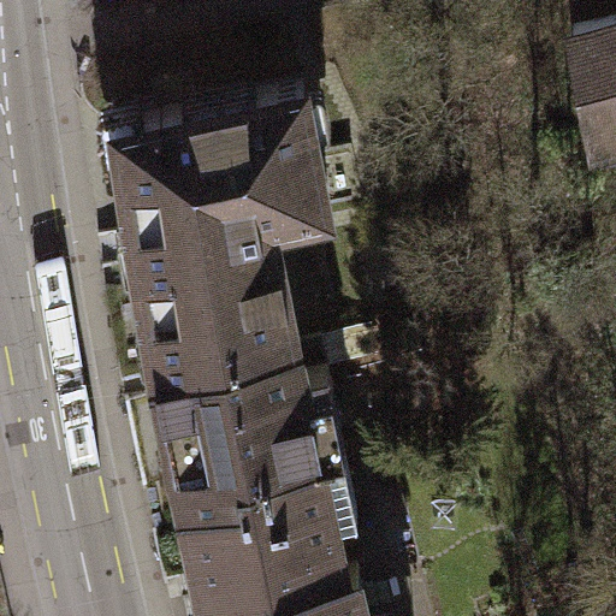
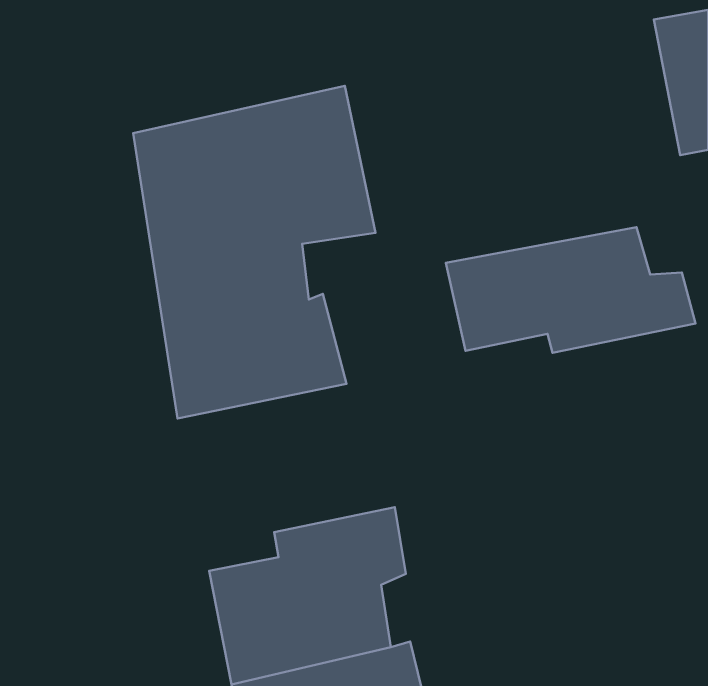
building: none -> [446,227,695,353]
building: [154,349,343,515] -> none

